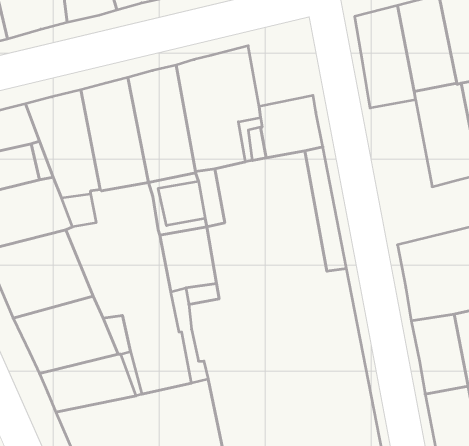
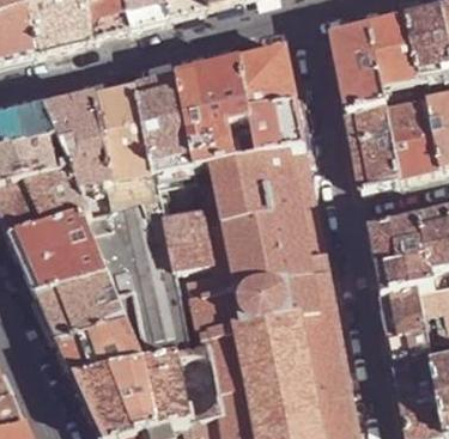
building: none -> [239,42,296,106]
building: none -> [345,100,399,184]

